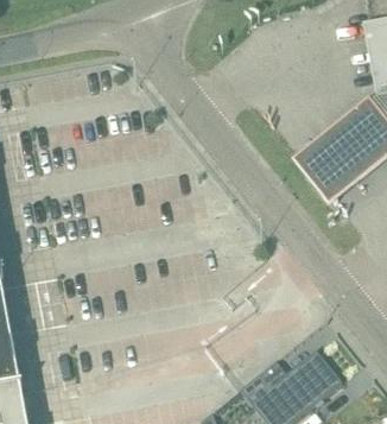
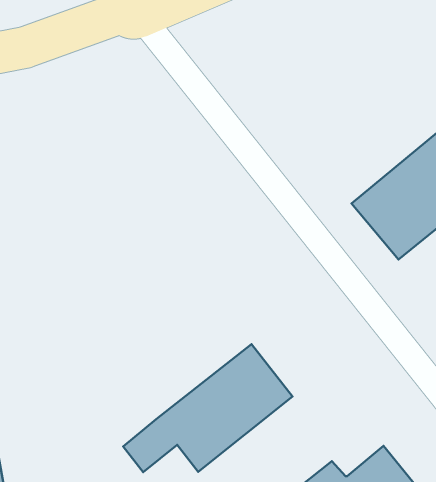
building: none -> [123,344,292,472]

